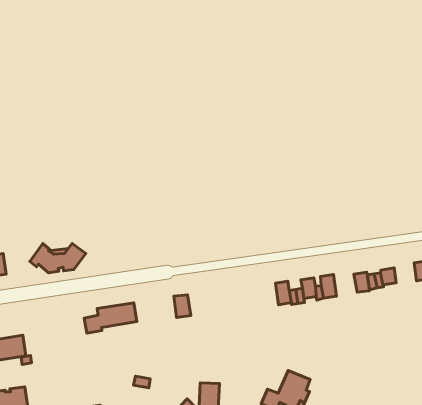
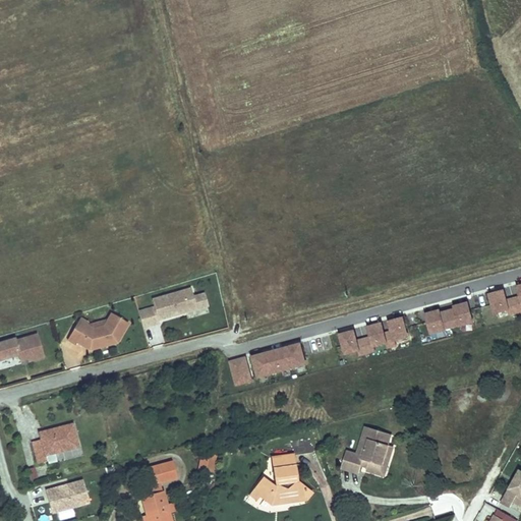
building: none -> [253,342,307,375]
building: [84,303,137,333] -> [138,289,197,329]
building: none -> [144,461,175,483]

